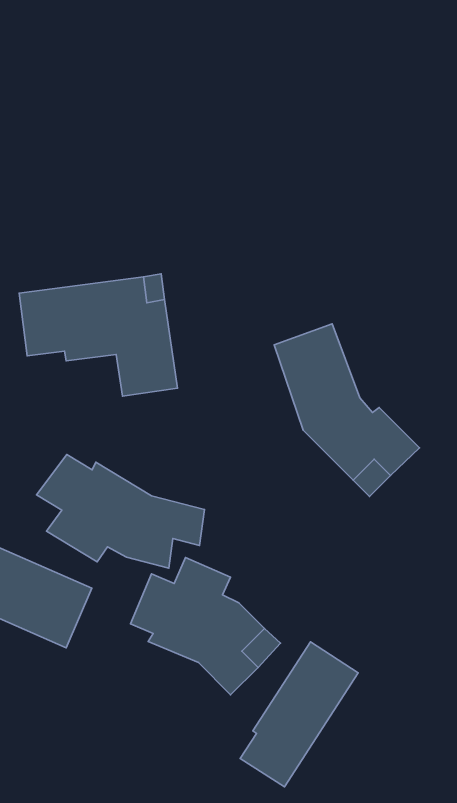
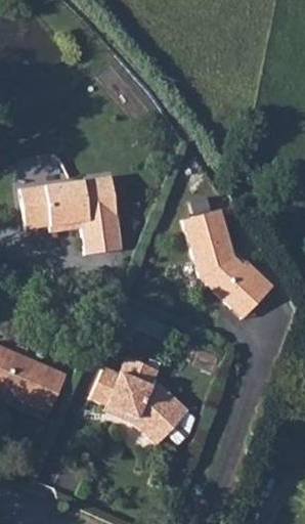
building: [37,455,204,568] -> none
building: [240,642,358,787] -> none

